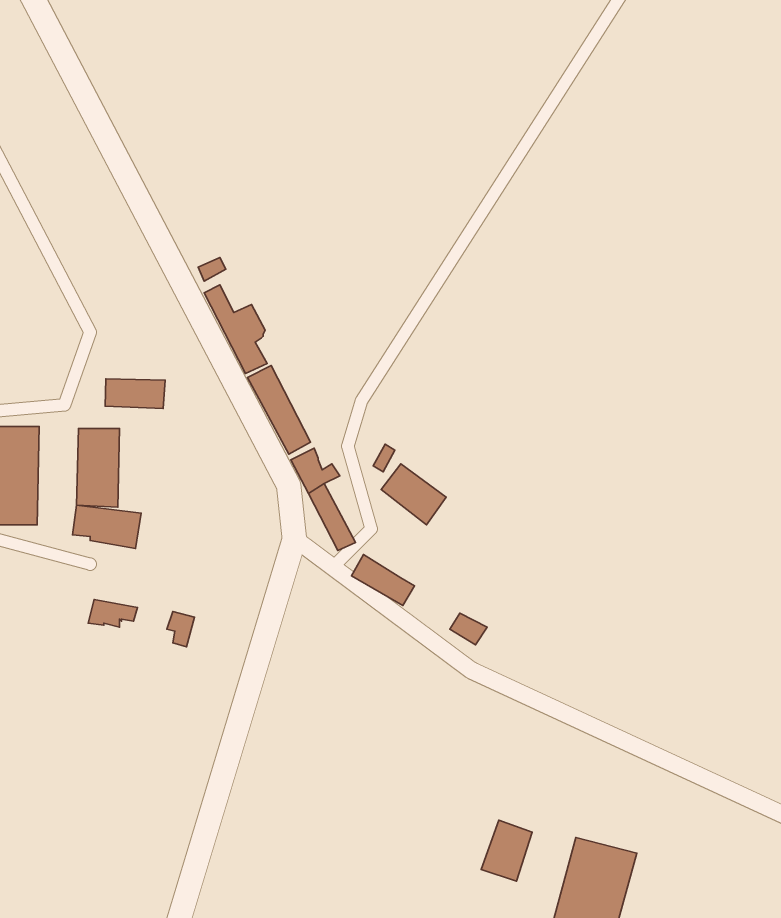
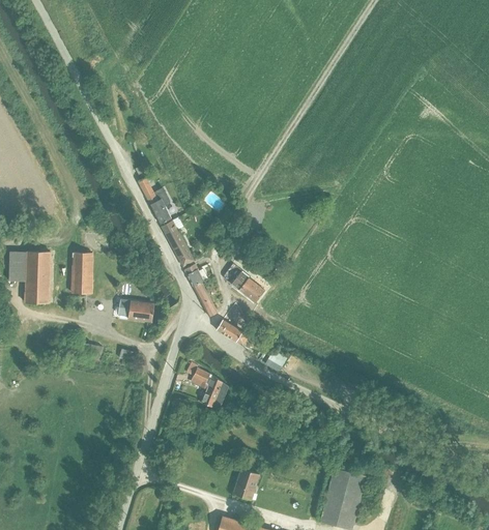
building: [105,379,165,408] -> none
building: [72,505,141,548] -> [118,300,154,323]
building: none -> [185,361,229,410]
building: [481,820,532,881] -> [232,469,259,501]

